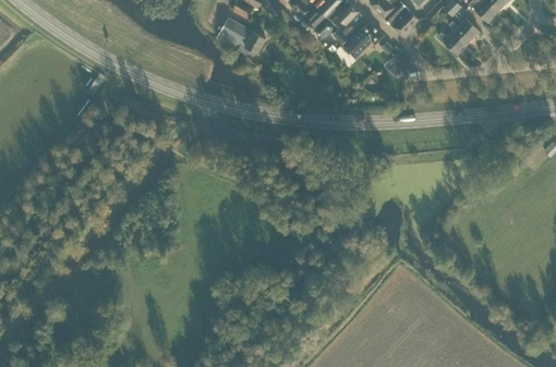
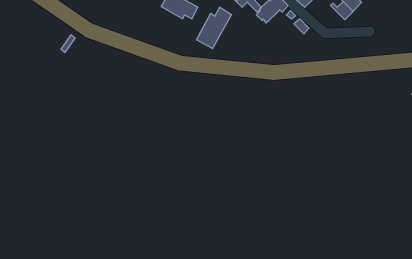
building: none -> [197,7,231,49]

